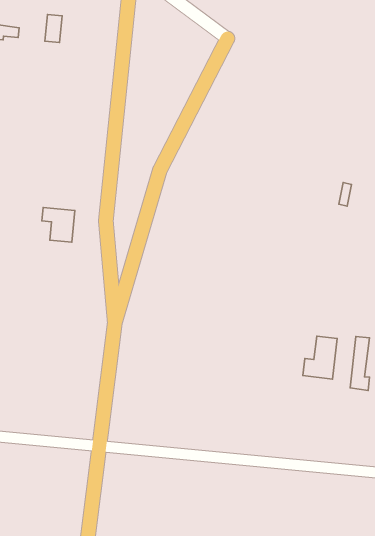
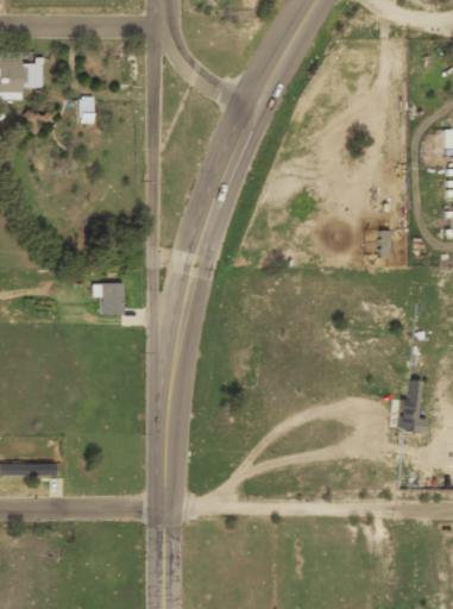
building: [303,336,337,379] -> none

